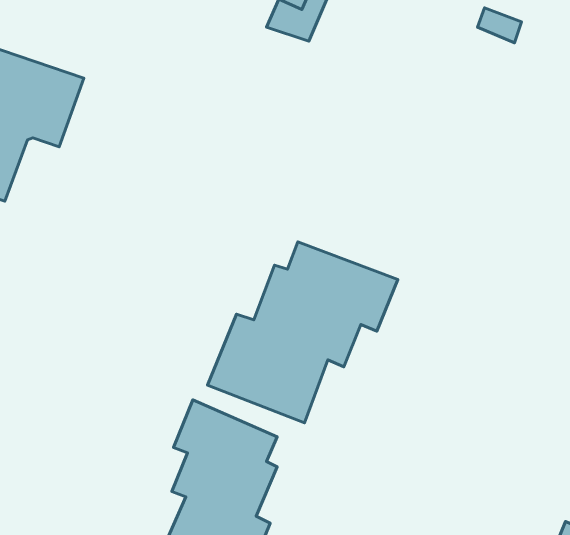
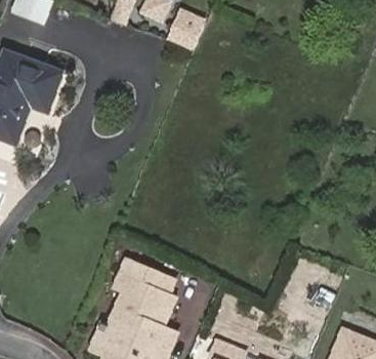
building: [208,242,398,423] -> none

